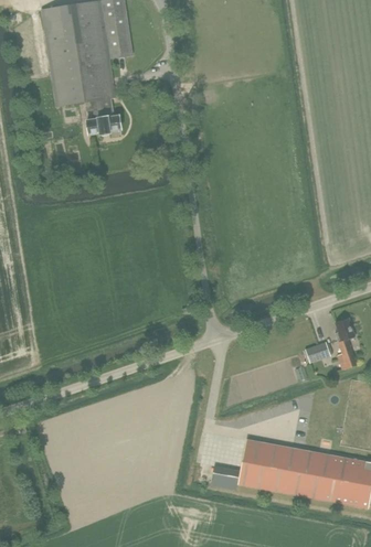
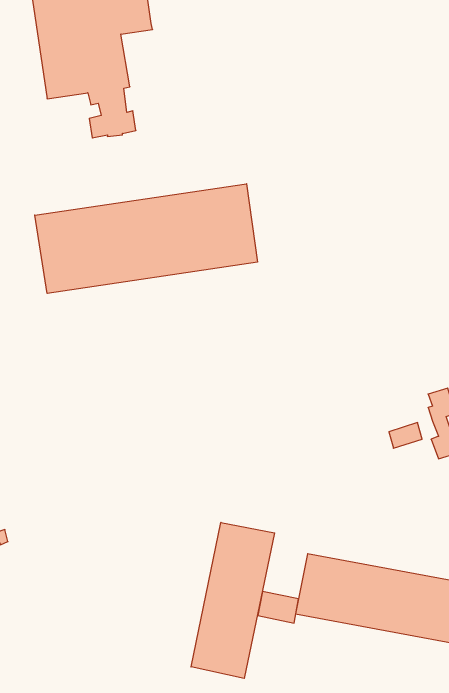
building: none -> [35,184,257,293]
building: none -> [191,522,275,678]

